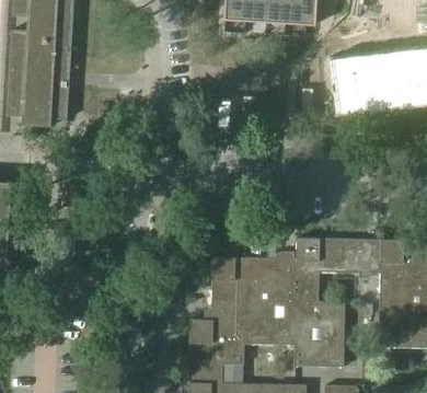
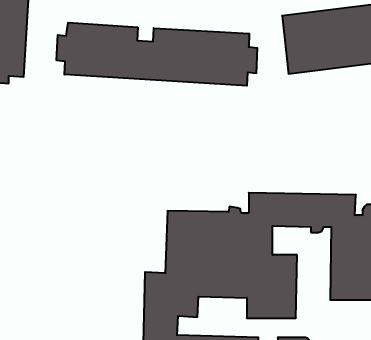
building: none -> [57,23,257,86]

